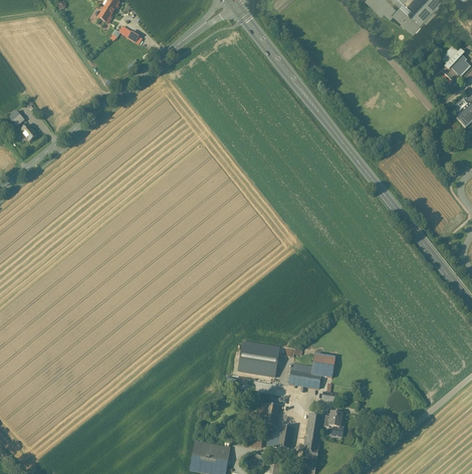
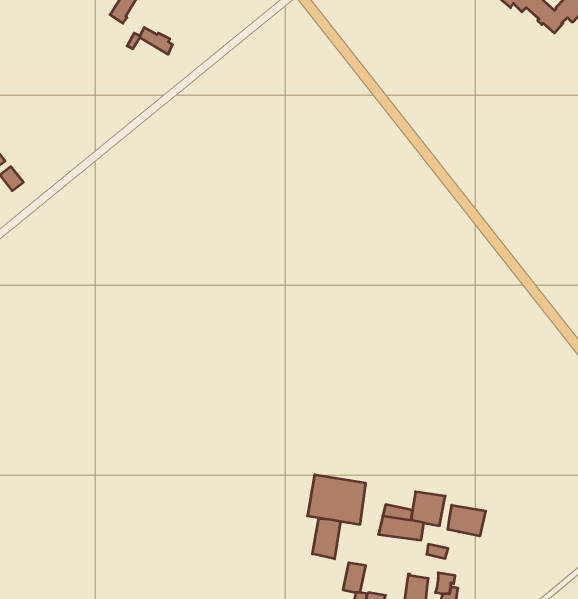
building: none -> [448,505,486,536]
building: none -> [312,518,340,559]

